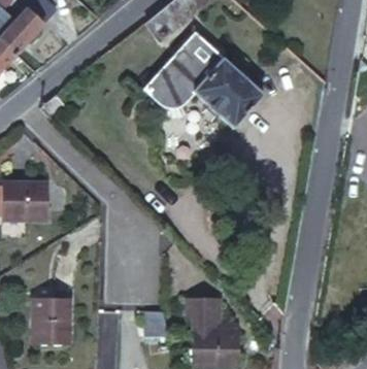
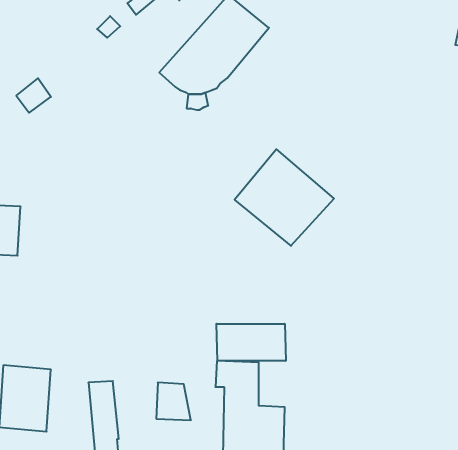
building: [196,58,267,127] -> [235,149,334,246]
building: none -> [216,324,286,361]

